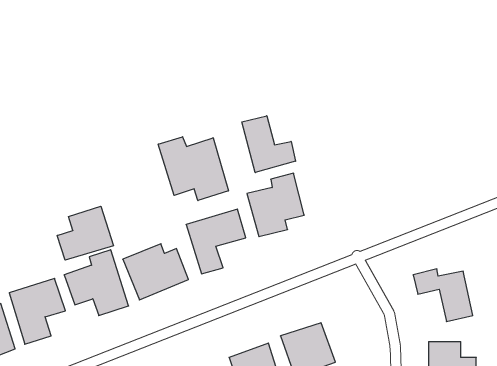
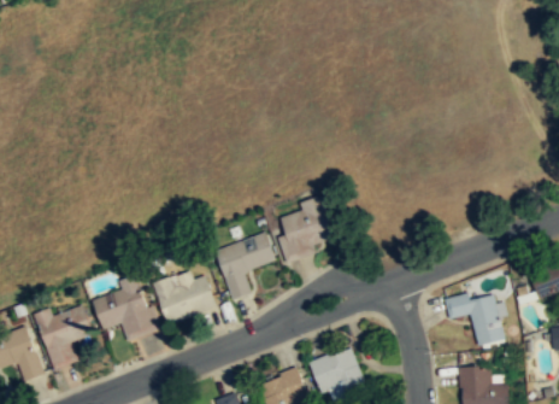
building: [242,116,296,173] -> none
building: [158,137,228,201] -> none
building: [57,206,113,260] -> none

